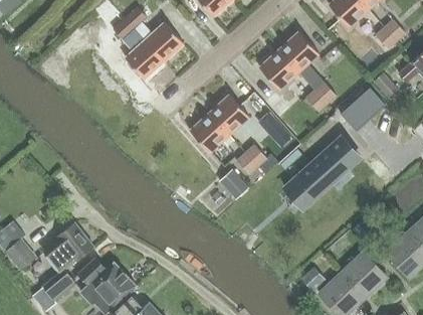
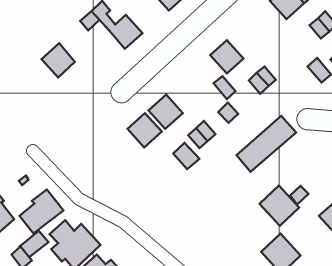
building: [279,32,319,71] -> none
building: [125,39,163,78] -> [42,43,75,78]
building: [340,86,385,131] -> none
building: [210,95,249,134] -> [127,113,162,147]
building: [341,251,386,297] -> [259,185,299,226]

